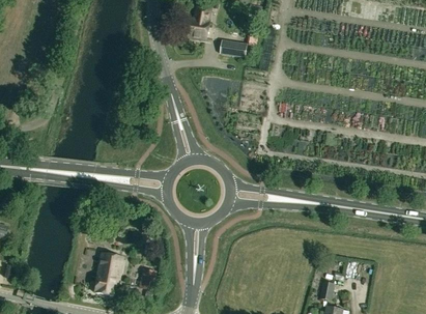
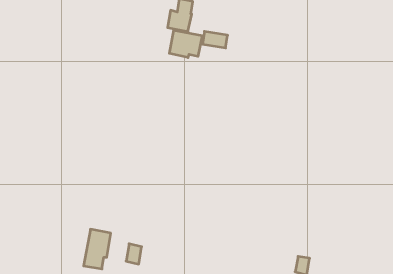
building: none -> [169,30,202,58]

